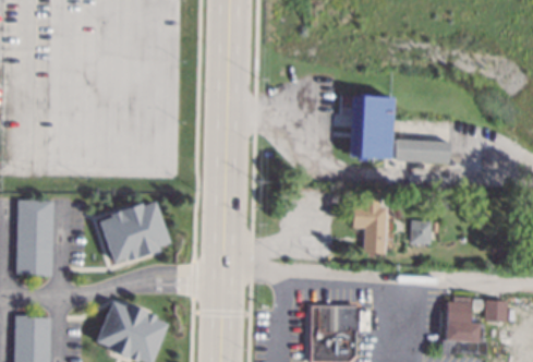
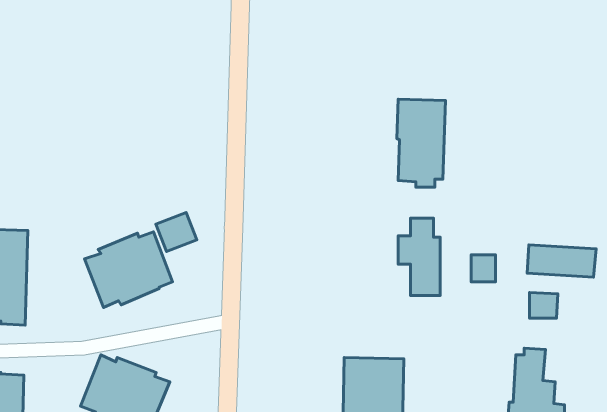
building: [396,137,451,164] -> [527,245,596,277]
building: none -> [156,212,197,252]
building: [485,300,508,321] -> [529,293,558,318]

